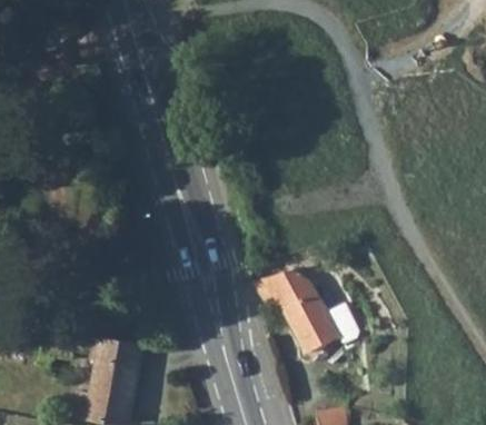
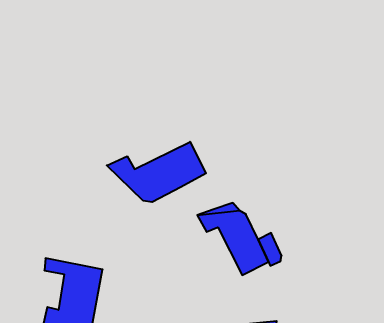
building: none -> [107,142,206,202]

